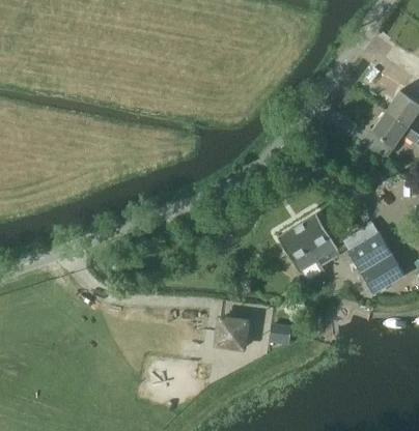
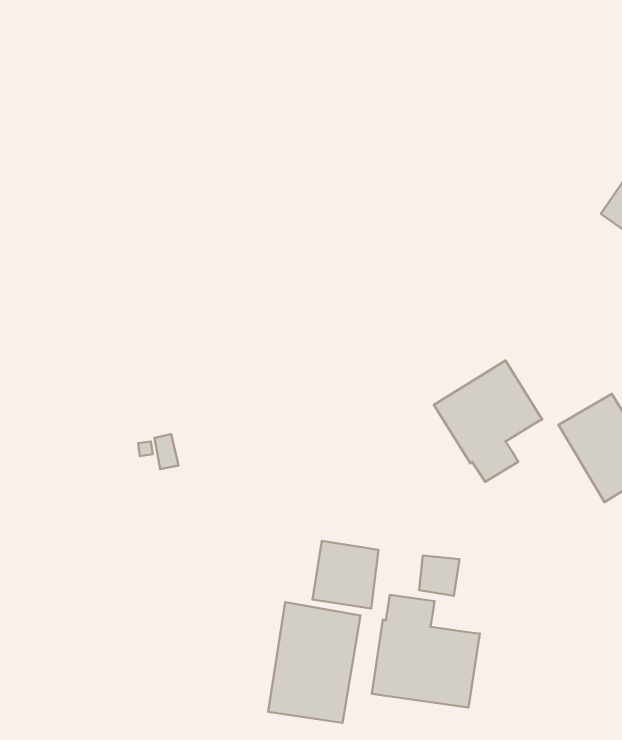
building: none -> [372,595,480,708]
building: none -> [268,602,360,723]

